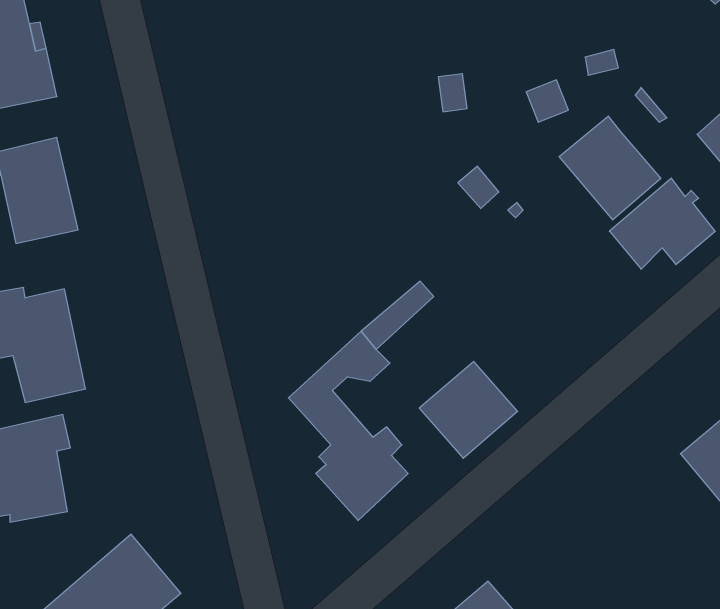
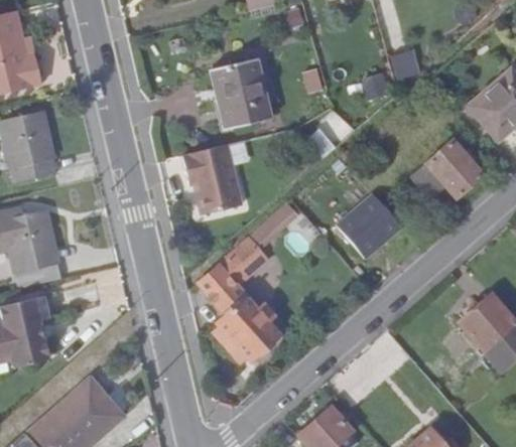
building: none -> [209,56,270,129]
building: [559,116,661,220] -> none
building: none -> [182,144,242,216]
building: [419,361,518,458] -> [339,193,404,258]

